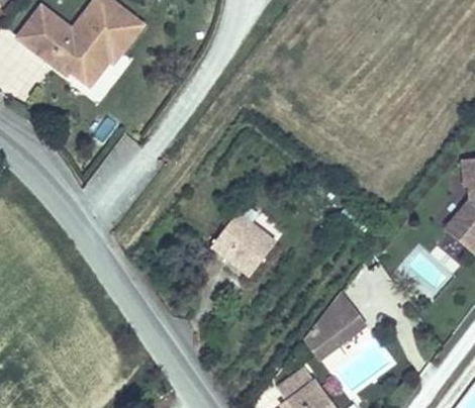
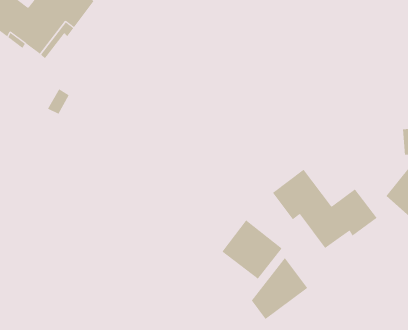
building: none -> [272,169,377,249]
building: [212,212,276,275] -> [221,219,283,280]

